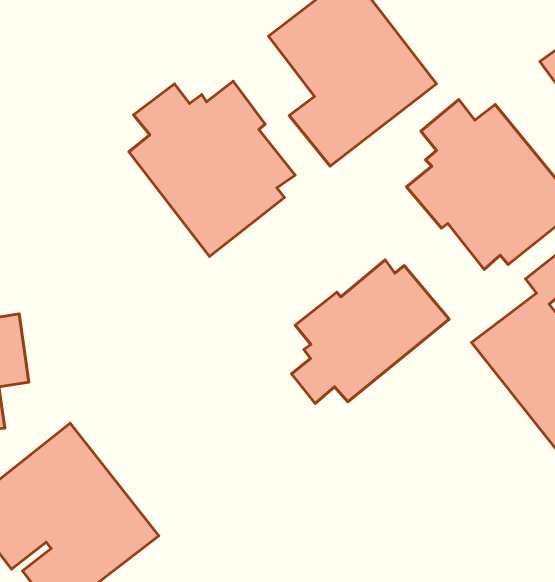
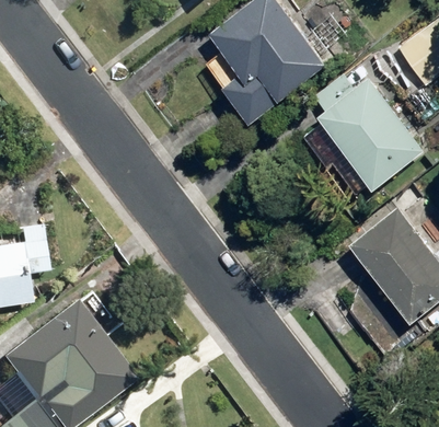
building: [129,81,295,256] -> none
building: [292,260,449,403] -> none

